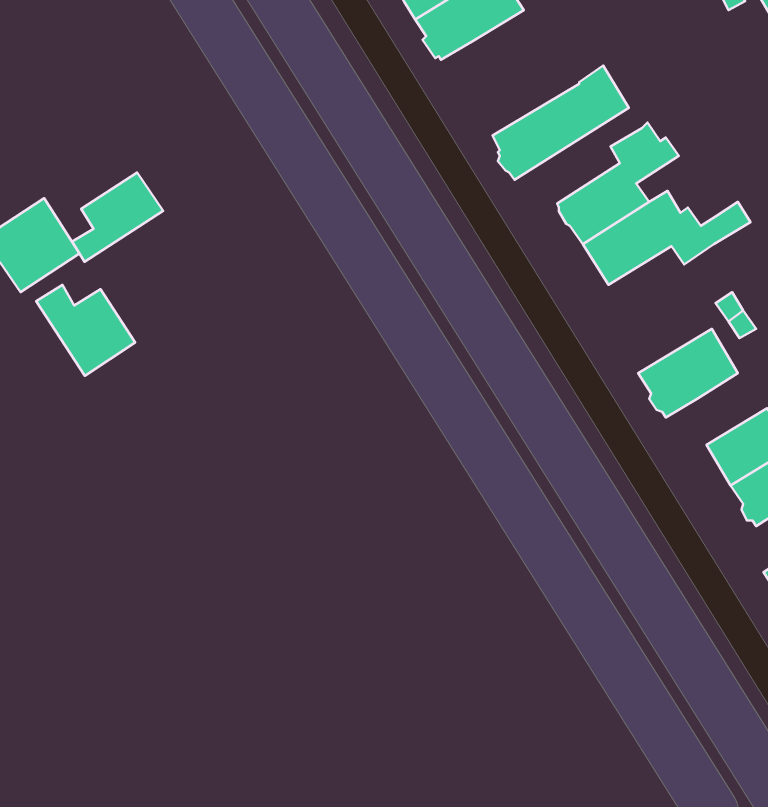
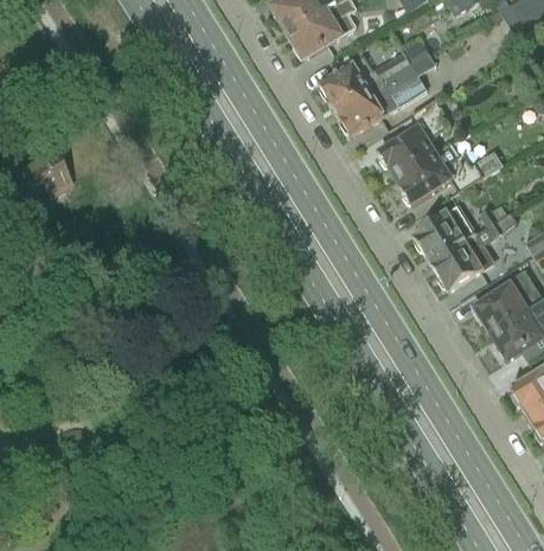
building: none -> [319,34,428,107]
building: [72,172,163,262] -> none
building: [36,285,135,376] -> none
building: none -> [412,203,478,260]

